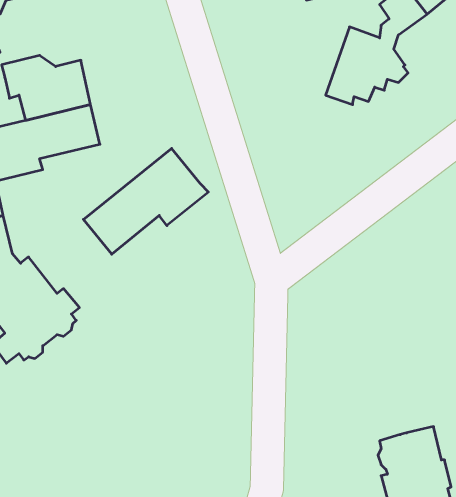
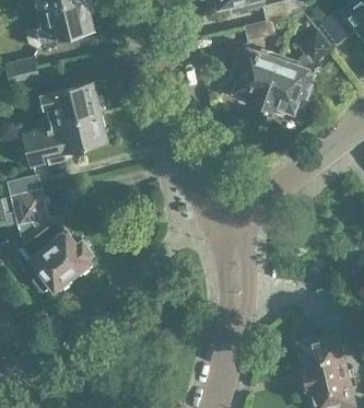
building: none -> [227,53,278,106]
building: [83,148,208,254] -> none

